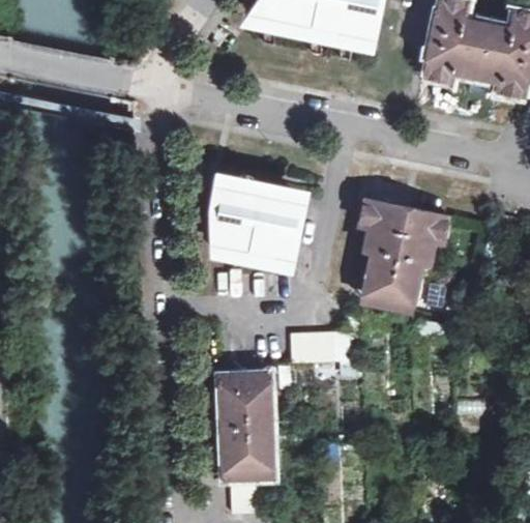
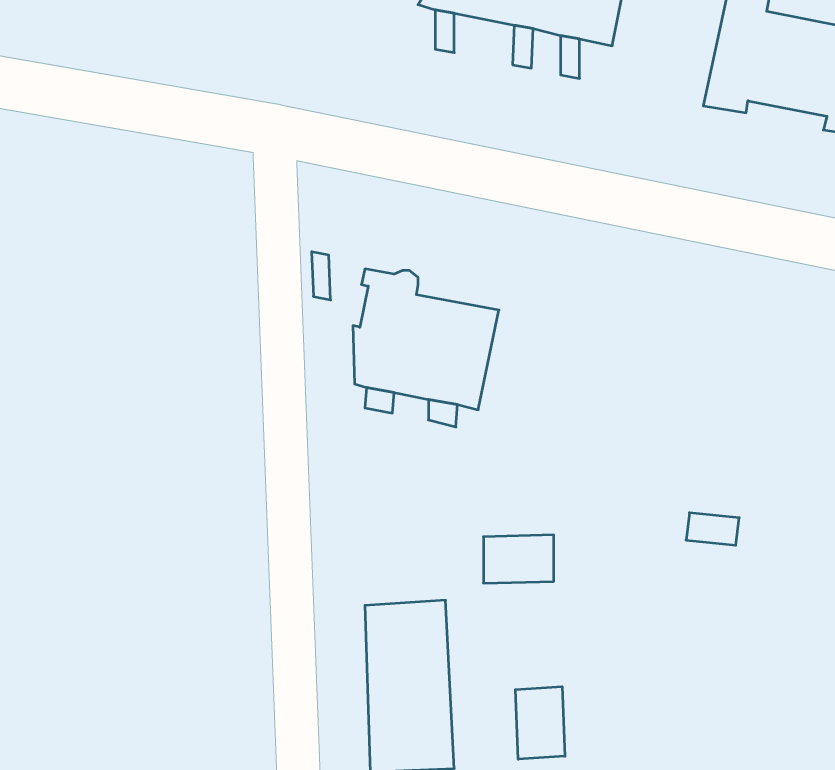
building: [360,200,446,309] -> none
building: none -> [515,687,565,759]

